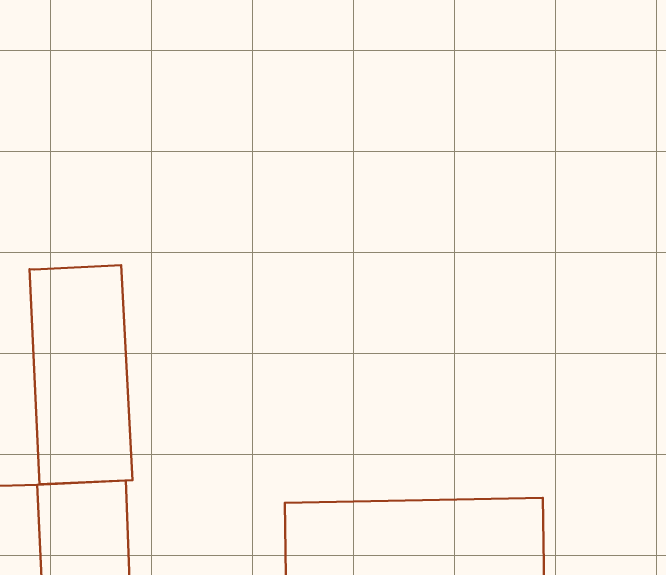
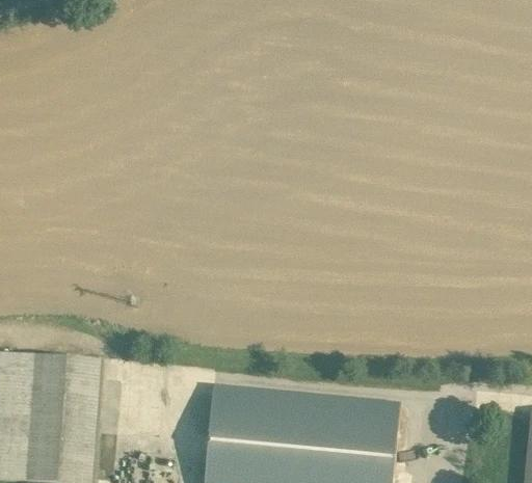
building: [30,265,133,484] -> none

